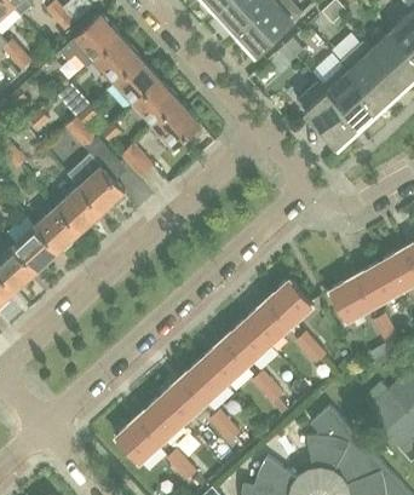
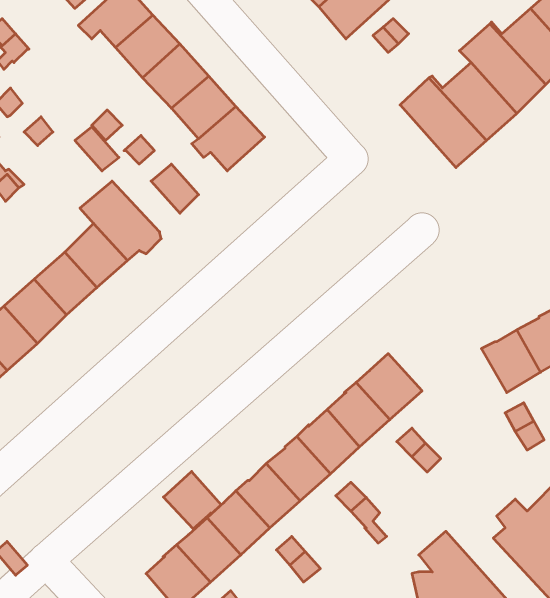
building: [330,276,374,322] -> none
building: none -> [163,471,221,529]

